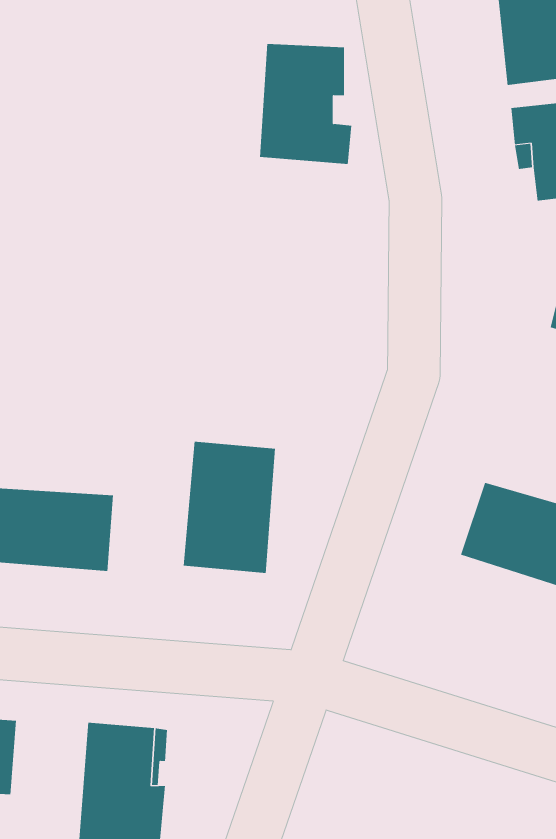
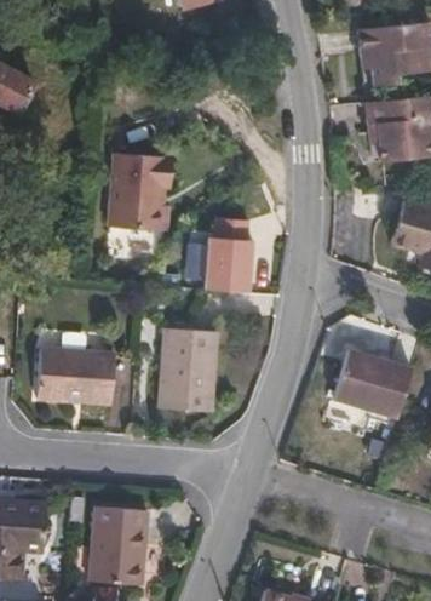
building: [259,44,352,165] -> [107,154,167,233]
building: none -> [205,222,253,302]

